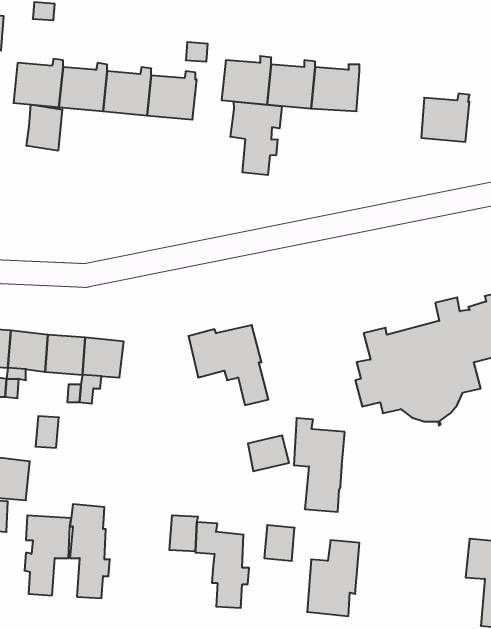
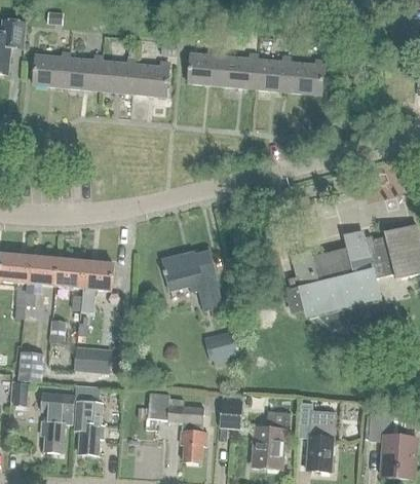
building: [421,94,470,142] -> [288,59,323,95]
building: [230,101,282,175] -> none
building: [27,105,62,151] -> none
building: [294,418,345,512] -> [298,402,336,472]
building: none -> [73,348,111,372]

